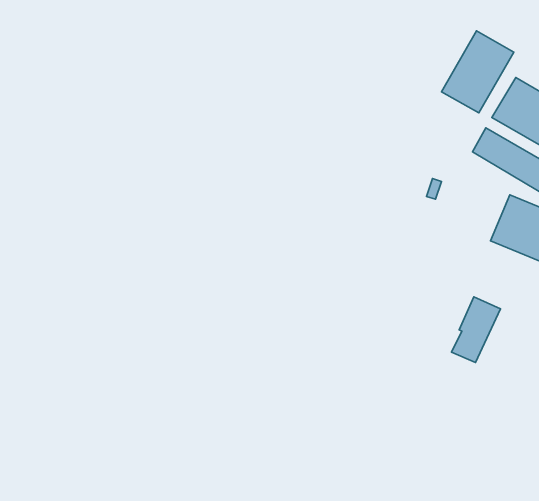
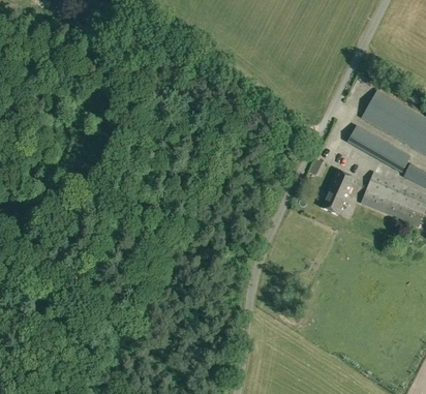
building: [441,31,514,113] -> none
building: [452,297,501,362] -> [322,169,356,214]

